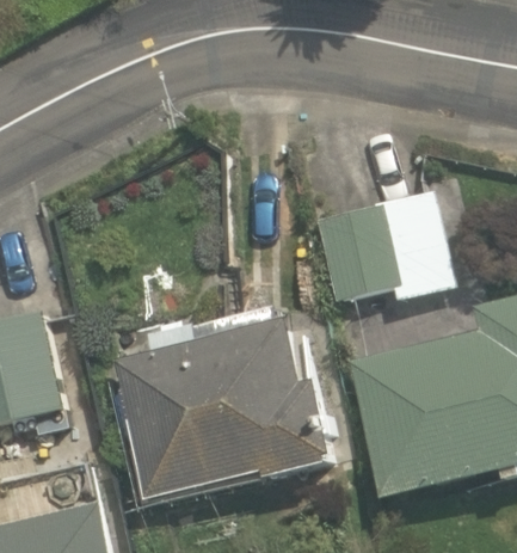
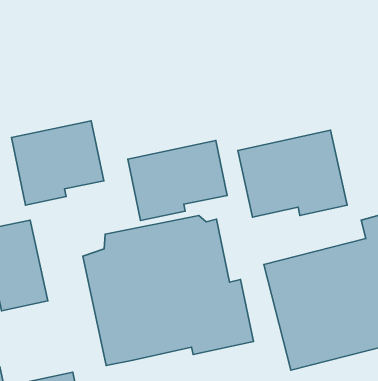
building: none -> [12,121,104,205]
building: none -> [128,141,227,221]

